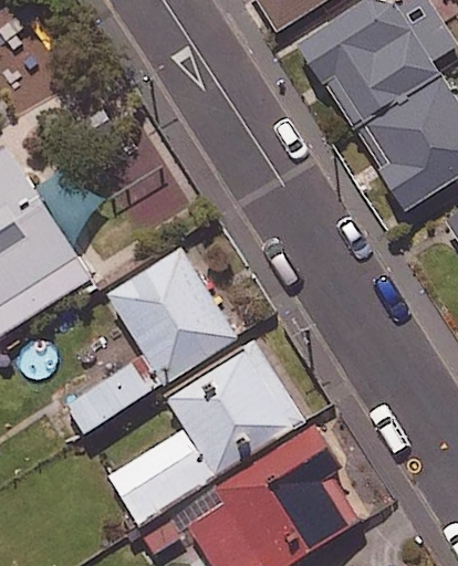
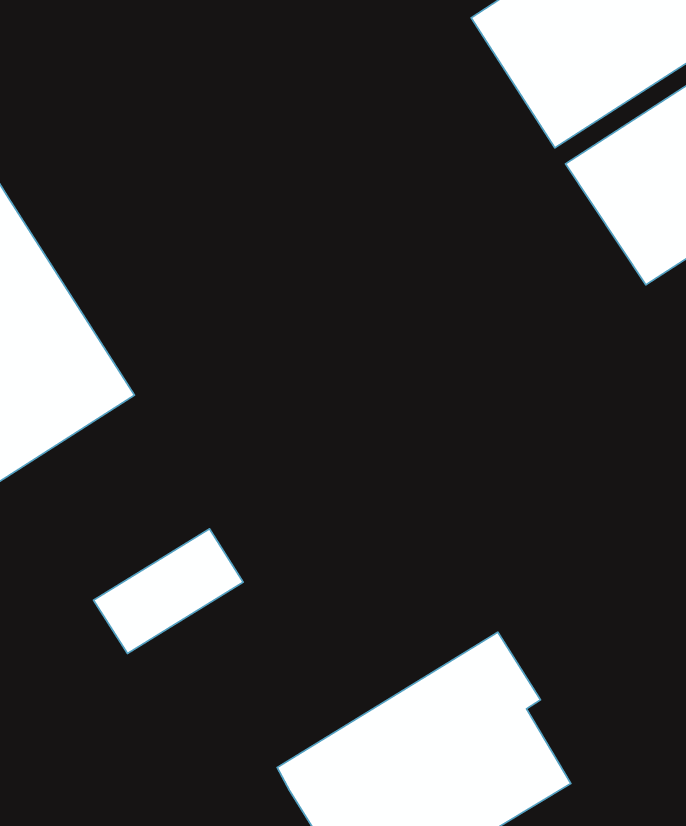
building: [106,248,238,384] -> none
building: [108,342,303,522] -> none

